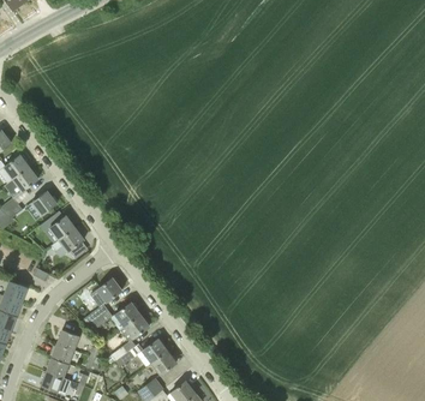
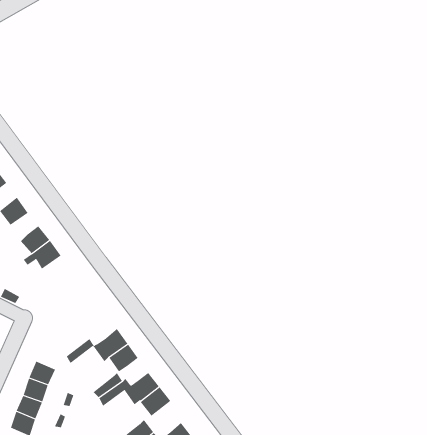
building: [83,277,121,325] -> none

